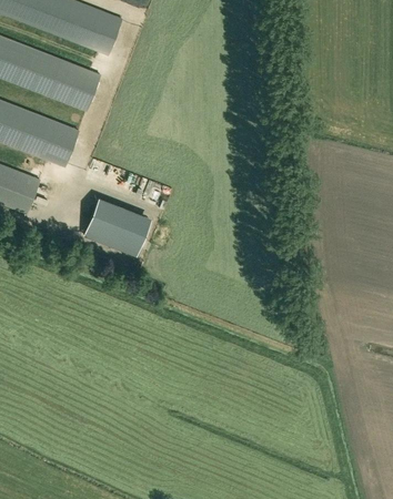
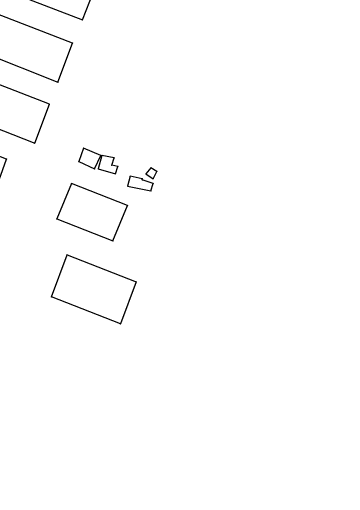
building: none -> [51,255,136,324]

